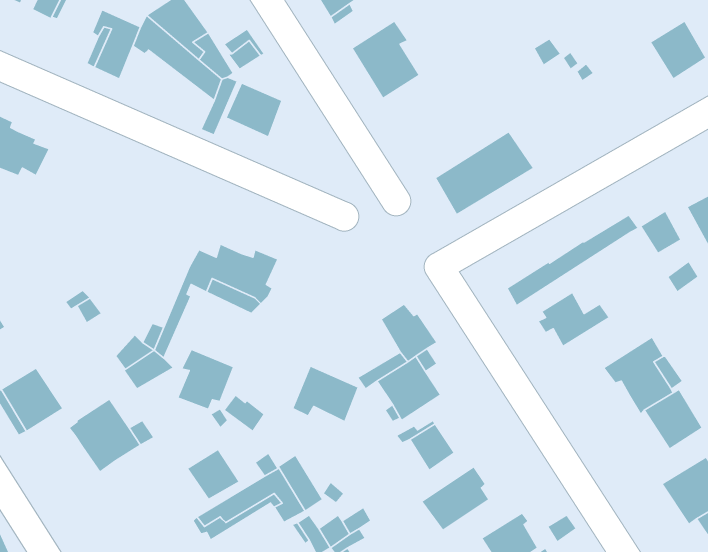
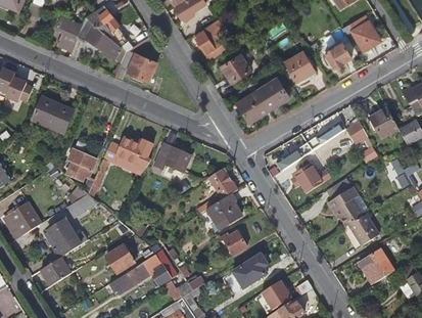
building: none -> [325,40,351,66]
building: none -> [285,50,316,81]
building: none -> [221,51,250,82]
building: none -> [33,97,74,133]
building: [178,349,234,409] -> [66,149,96,181]
building: [293,366,358,422] -> [156,143,191,173]
building: none -> [41,252,72,285]

